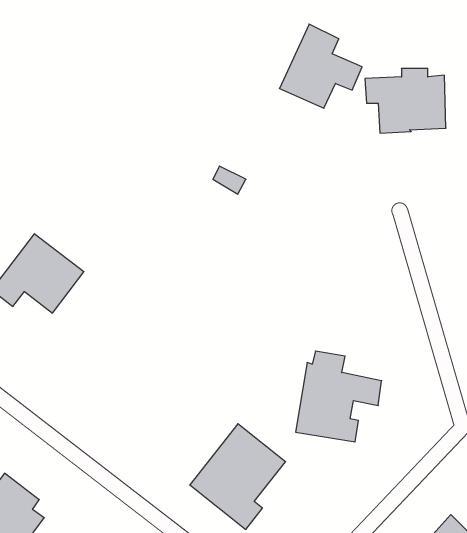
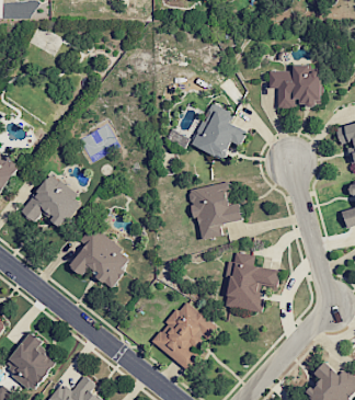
building: [279,24,362,108] -> [192,102,247,158]
building: none -> [188,181,242,240]
building: none -> [69,226,133,286]

